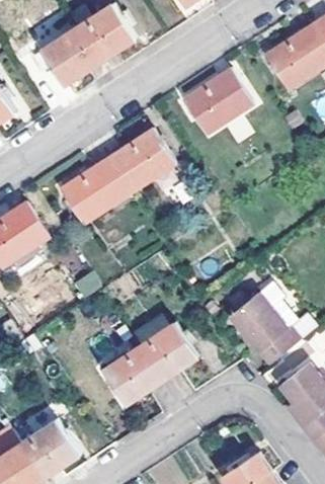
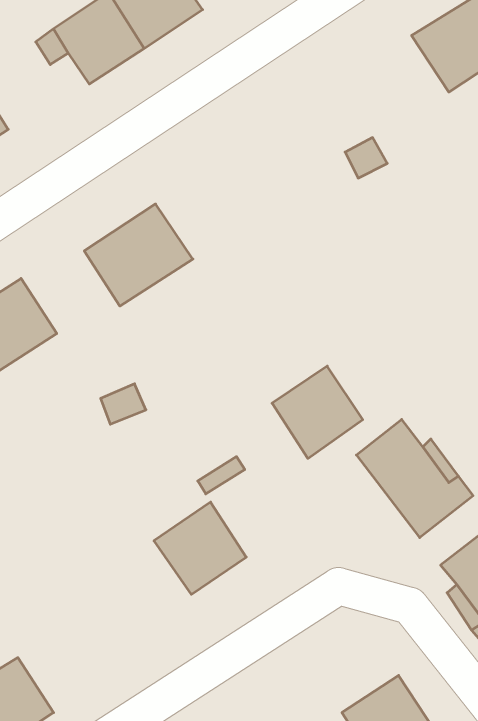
building: [183,69,252,134] -> none
building: [105,129,174,193] -> none
building: [140,322,196,380] -> [272,366,363,458]
building: [19,419,77,477] -> none

